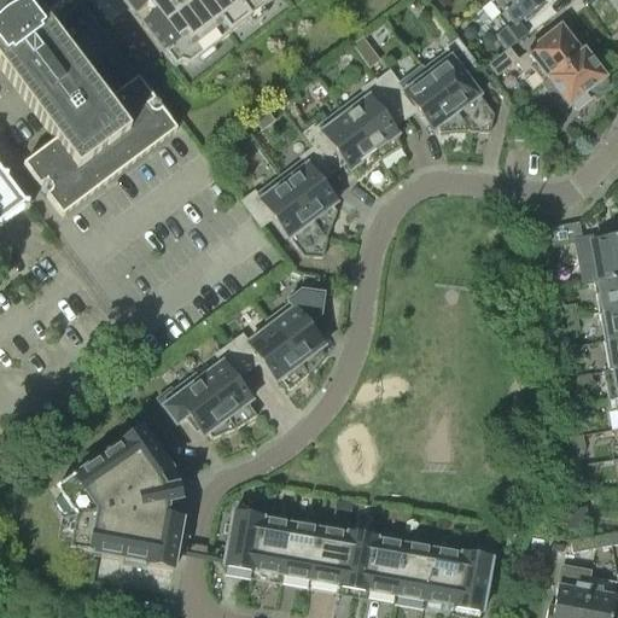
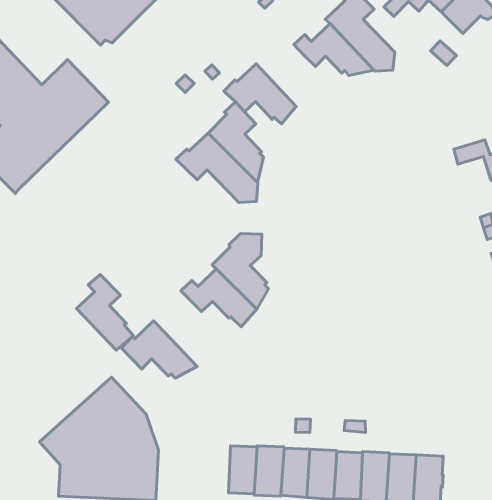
building: [343,75,402,156] -> none
building: [200,340,258,425] -> [77,274,133,350]
building: [225,509,264,567] -> none

